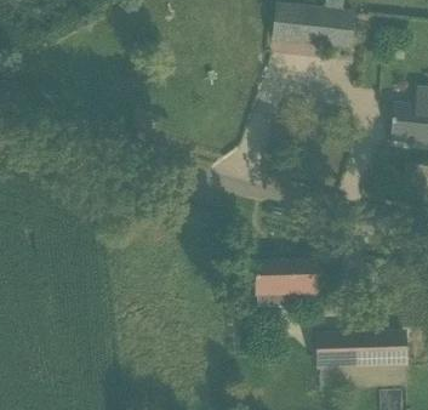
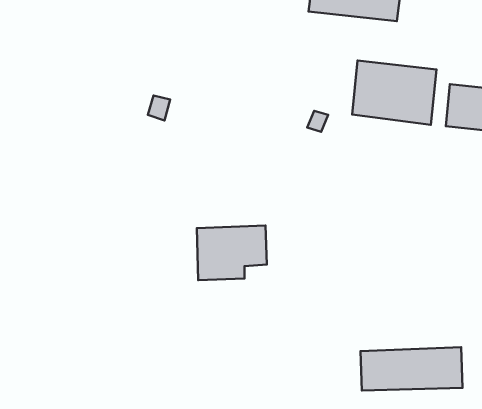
building: none -> [352,61,436,125]
building: [256,258,316,306] -> [197,225,267,280]

